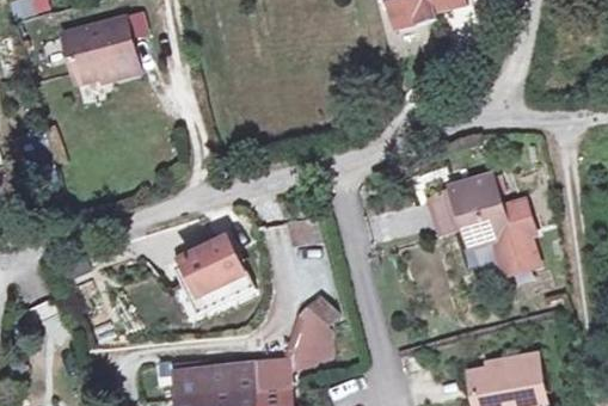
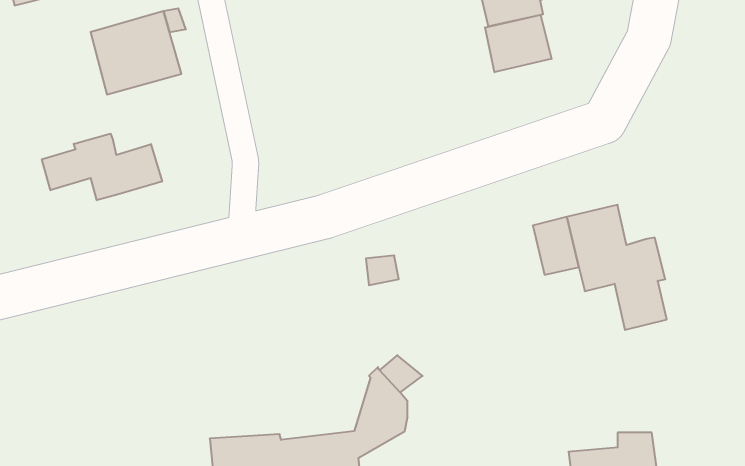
building: none -> [485,15,552,72]
building: none -> [42,134,162,200]
building: [174,236,254,307] -> none

